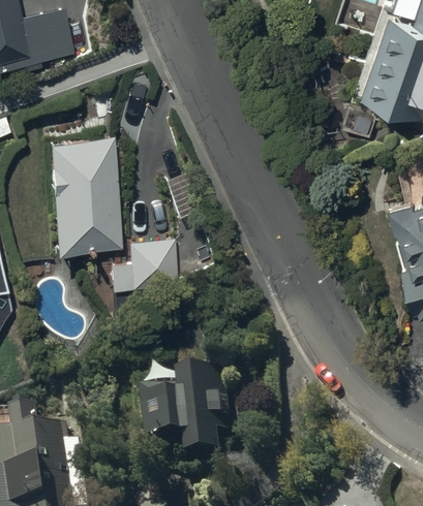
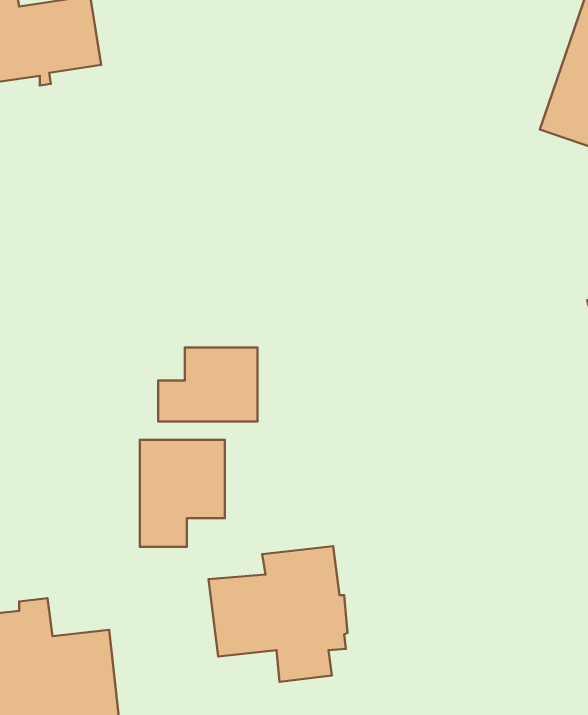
building: [47,135,120,250] -> none
building: none -> [140,440,225,547]

